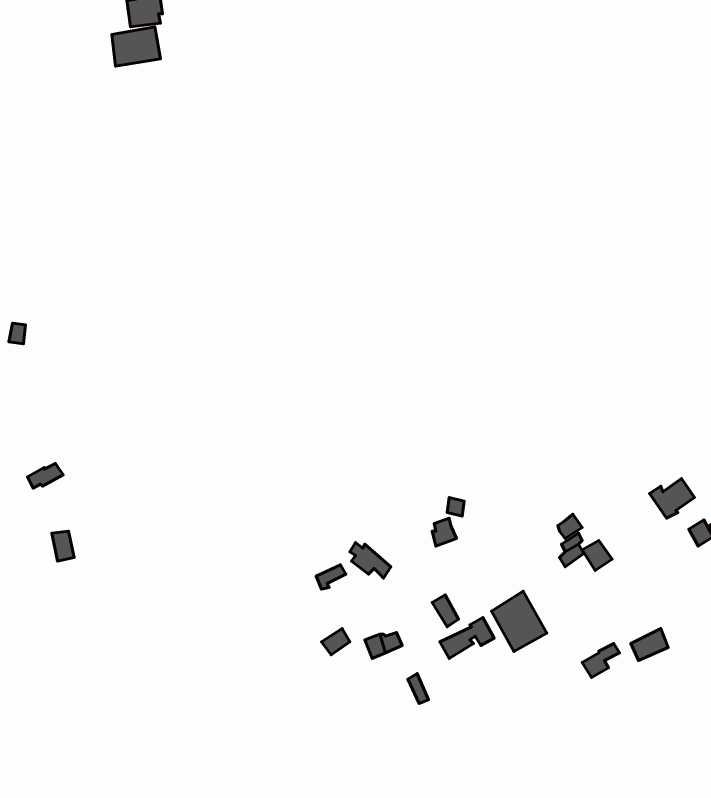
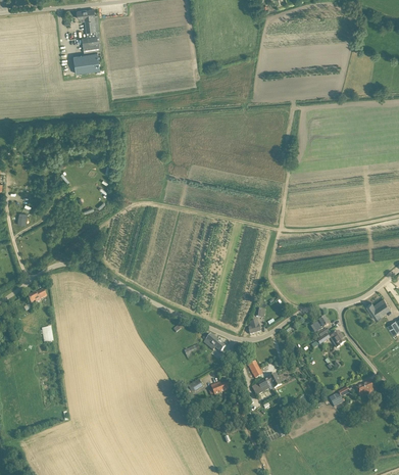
building: [492,591,547,651] -> none

